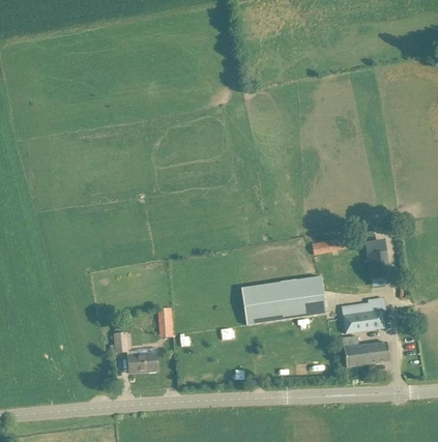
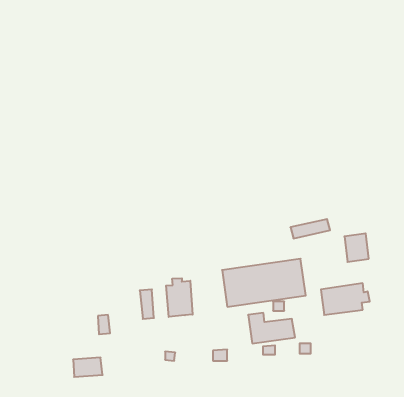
building: none -> [166,278,193,317]
building: [342,335,389,366] -> [248,313,295,343]
building: [127,352,157,372] -> [73,358,103,377]

